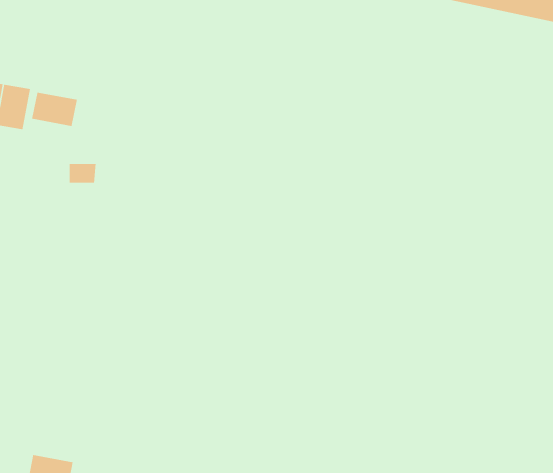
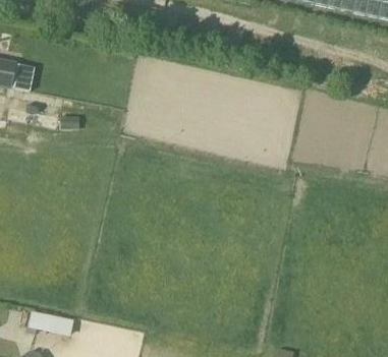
building: [32,92,77,127] -> none

